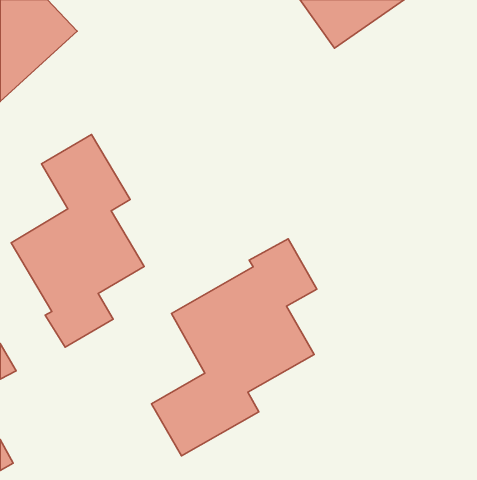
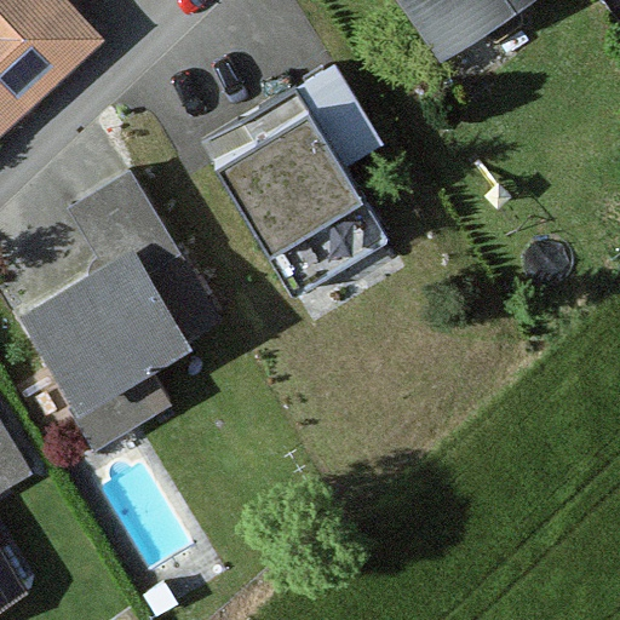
building: none -> [217,63,388,294]
building: [152,239,317,456] -> none

